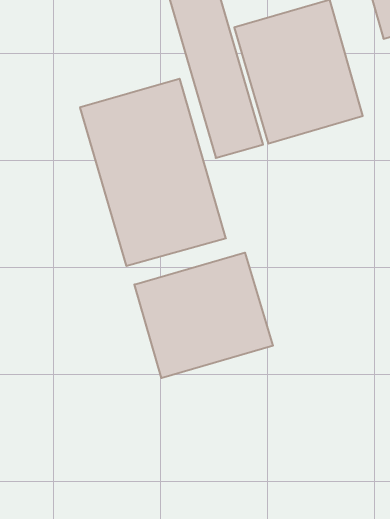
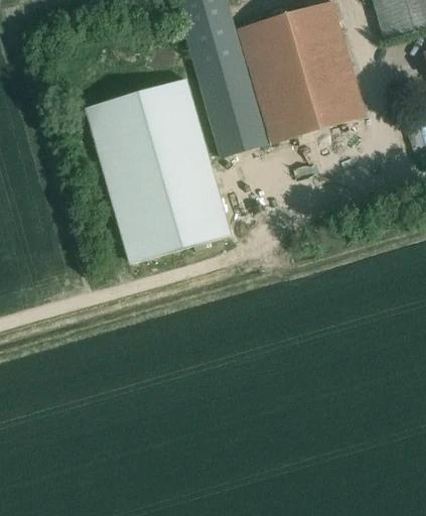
building: [134,253,273,378] -> none

